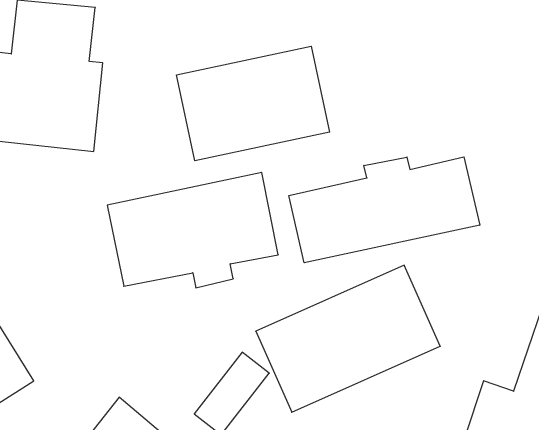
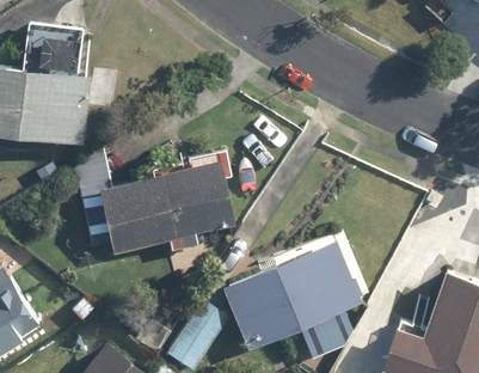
building: [177,46,330,161] -> none
building: [289,157,480,263] -> none

